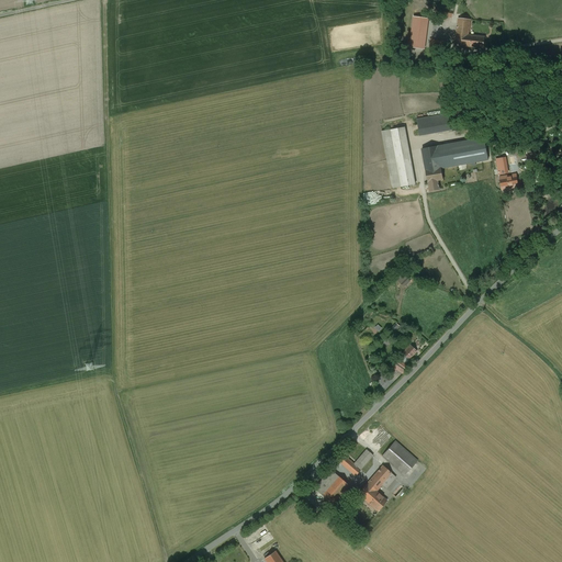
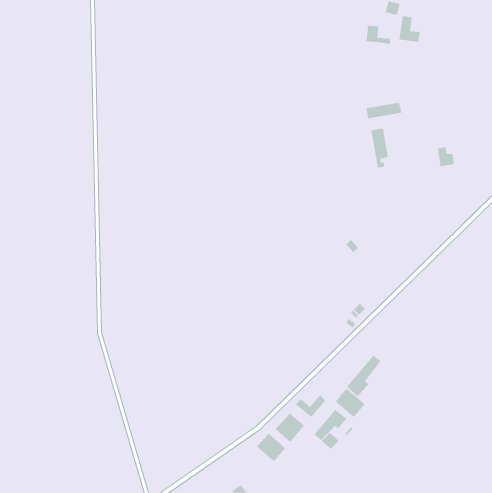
building: [380,126,415,188] -> none
building: [437,138,487,168] -> none
building: none -> [346,355,381,397]
building: none -> [256,433,286,462]

